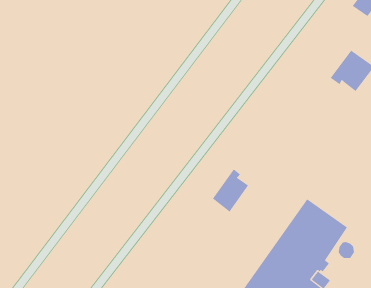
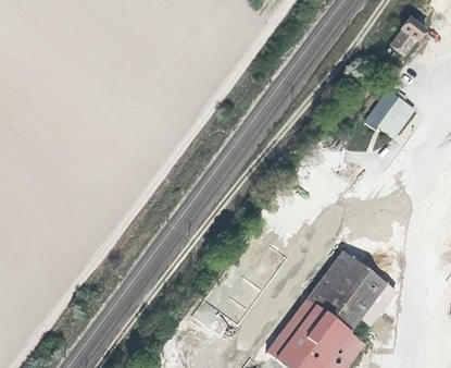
building: [212,168,249,213] -> none

